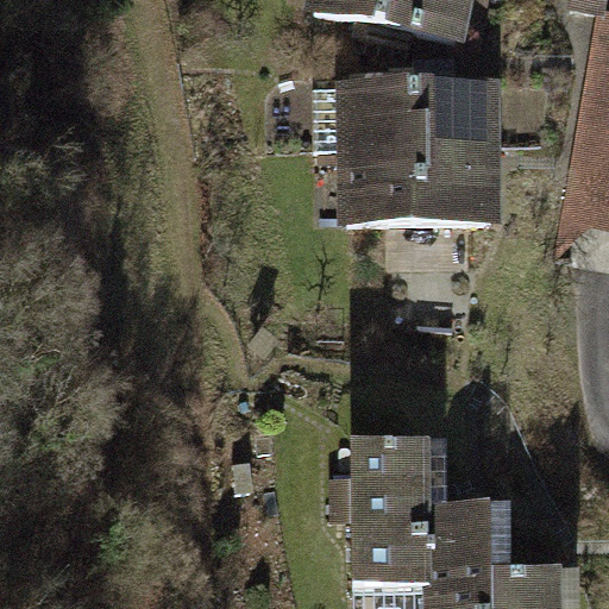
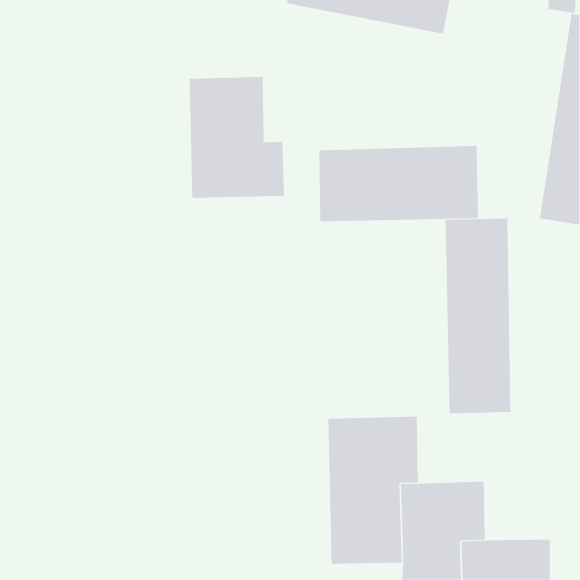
building: [331,77,500,157] -> none
building: none -> [189,76,284,198]
building: none -> [445,217,511,414]

